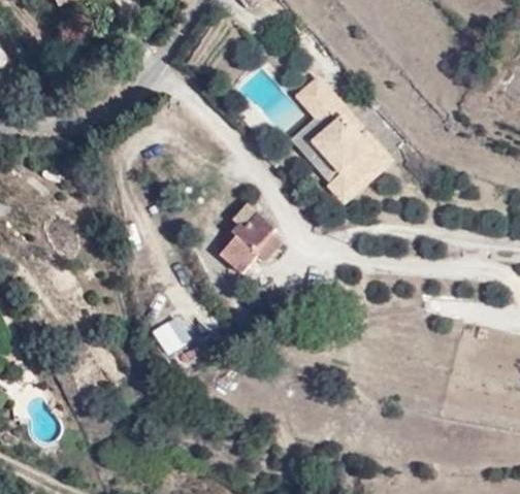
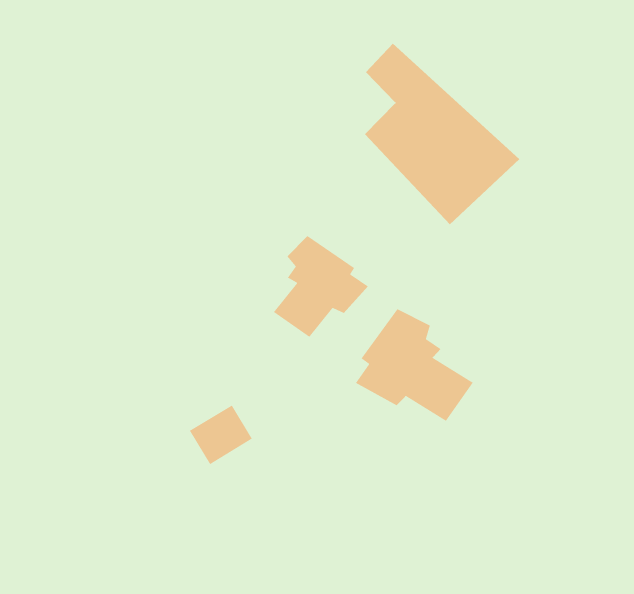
building: none -> [355,308,474,422]

